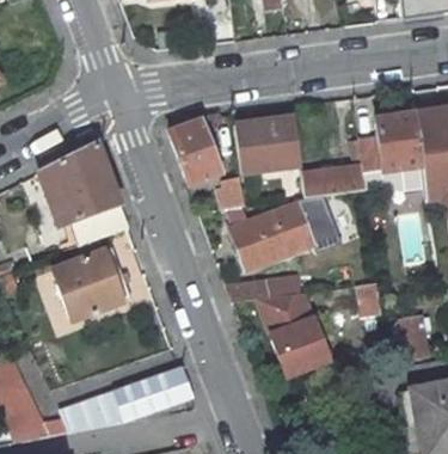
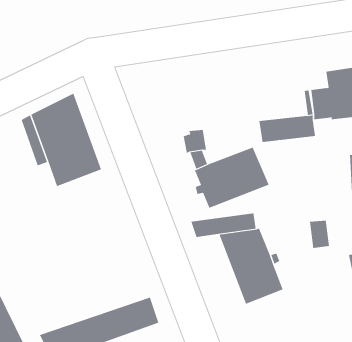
building: [234,116,300,171] -> none
building: [168,118,220,184] -> none
building: [294,194,342,252] -> none
building: [53,249,131,319] -> none

